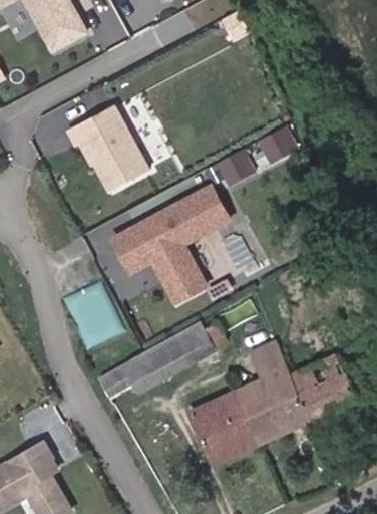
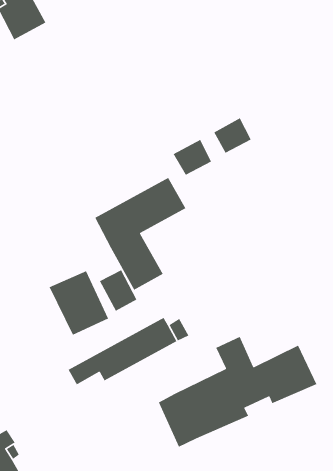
building: [63,104,143,191] -> none
building: [106,227,145,270] -> [99,269,137,312]

